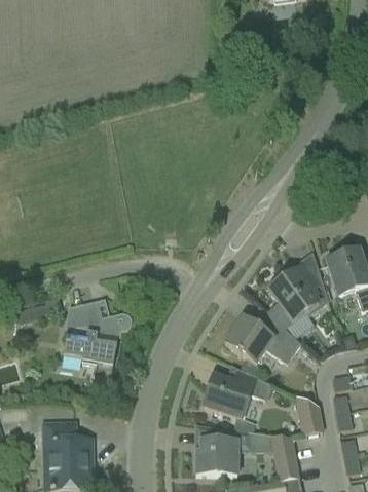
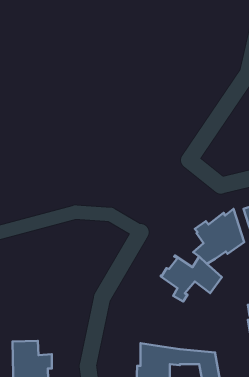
building: [63,302,122,385] -> none
building: [203,368,269,418] -> none
building: [294,393,323,433] -> none

